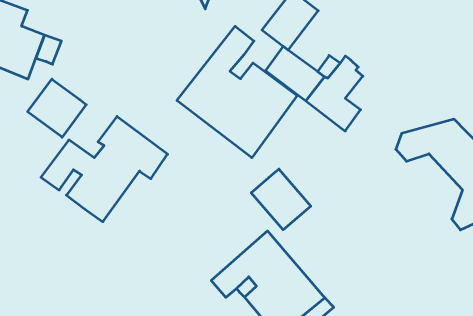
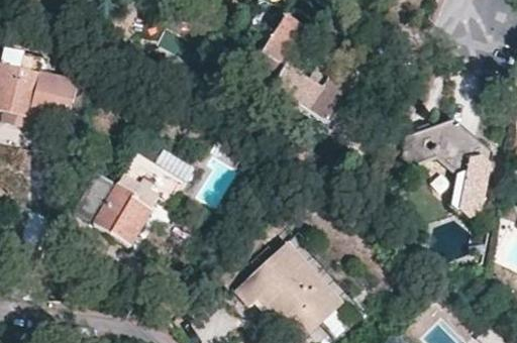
building: [177,26,297,158] -> none
building: [28,79,86,137] -> none
building: [251,169,311,230] -> none

